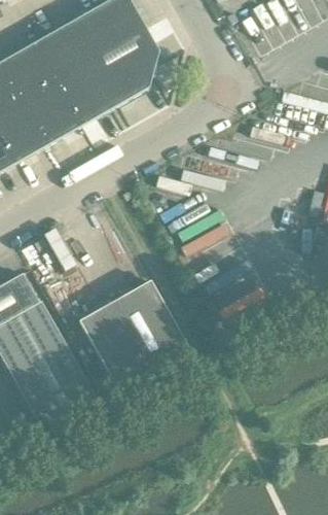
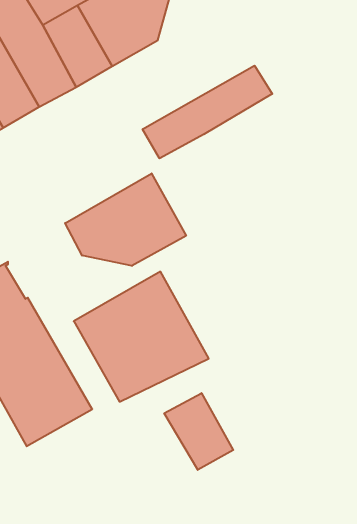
building: none -> [143,66,272,158]
building: none -> [65,173,186,266]
building: none -> [164,393,233,470]

